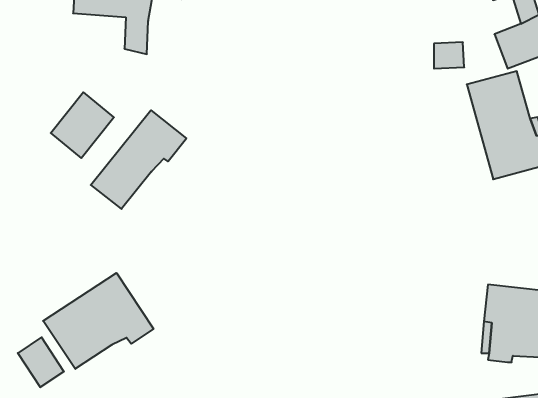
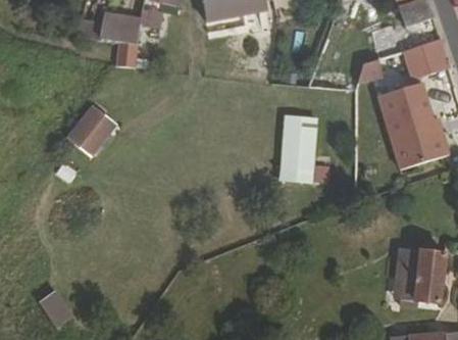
building: [91,110,186,209] -> none
building: none -> [282,118,317,185]
building: [43,273,153,369] -> none

